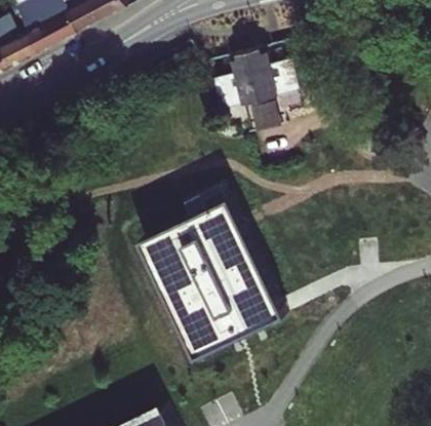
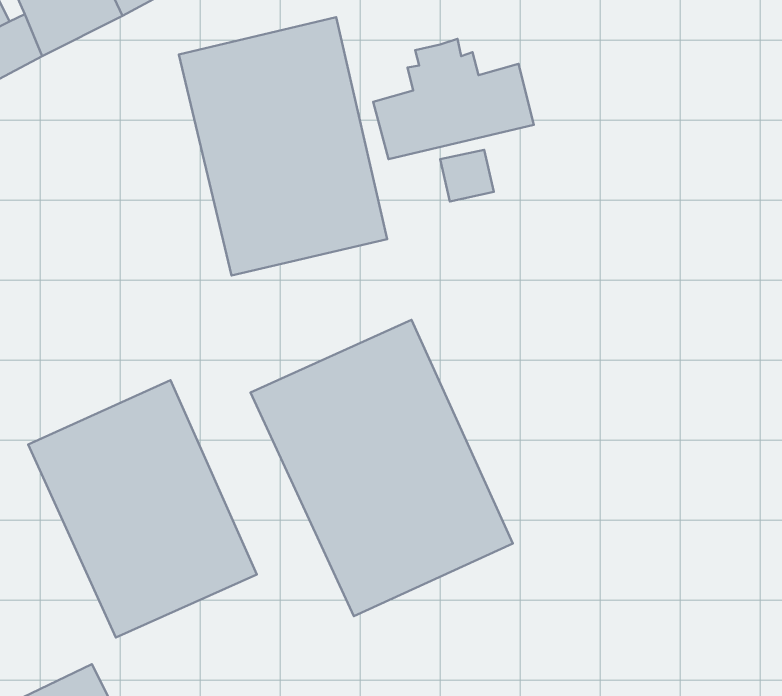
building: none -> [179,17,387,275]
building: none -> [28,380,257,638]

